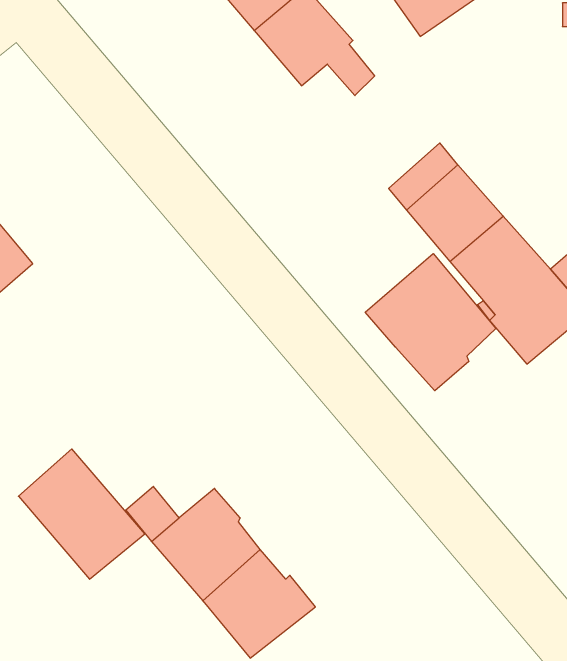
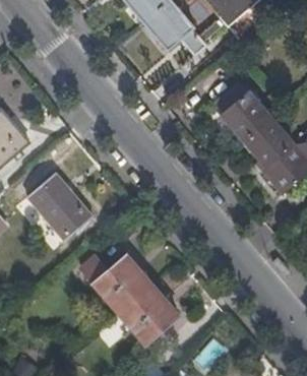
building: [365,254,496,391] -> none
building: [18,449,145,579] -> [28,173,94,240]

